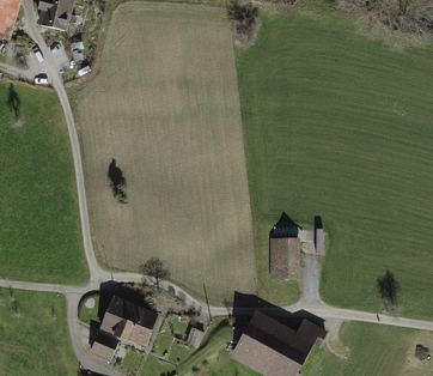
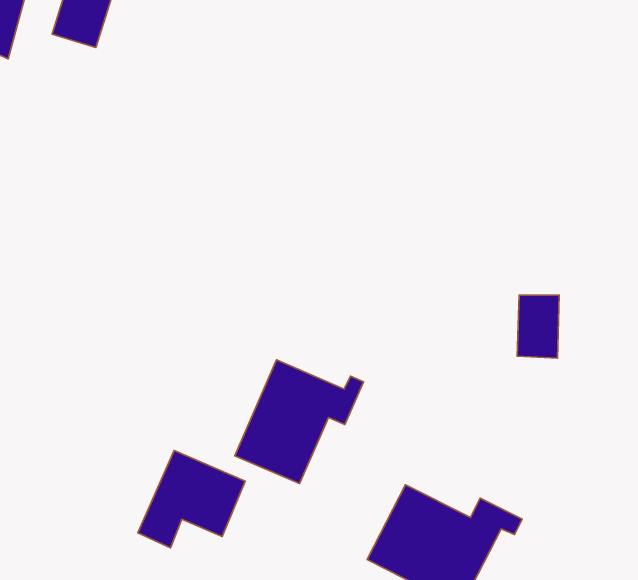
building: none -> [235,360,364,483]
building: [272,238,298,278] -> [517,295,559,358]

